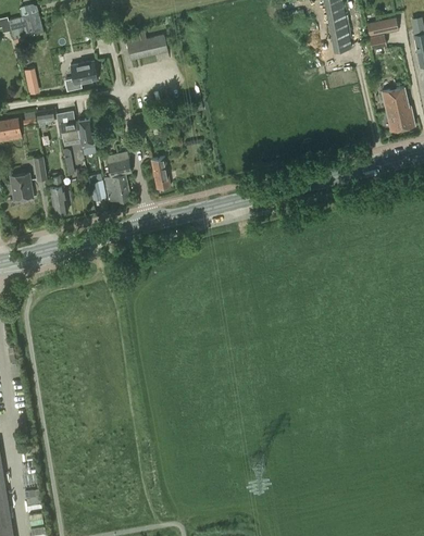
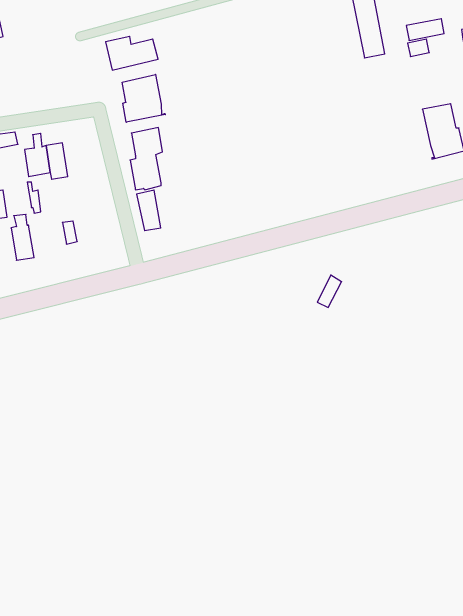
building: [70,61,97,85] -> none
building: none -> [122,74,165,122]
building: [104,152,130,202] -> [130,128,162,190]

